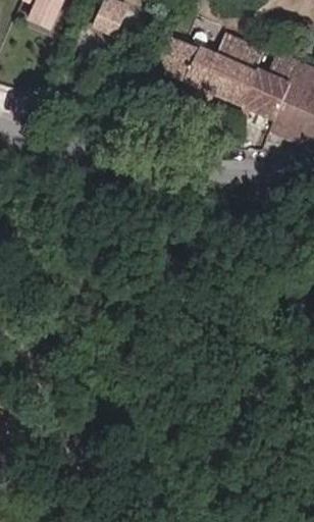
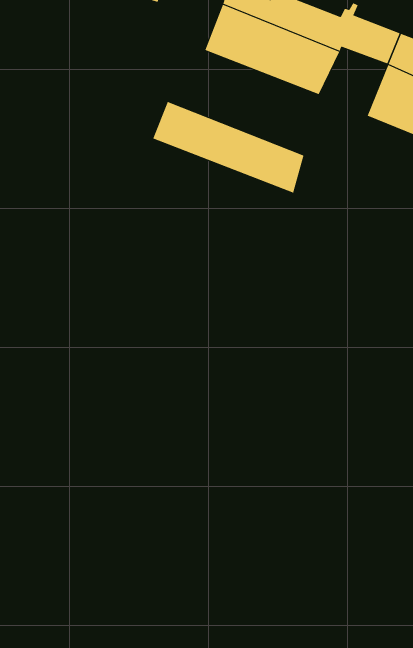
building: [241,72,291,122] -> none
building: none -> [153,101,304,193]

